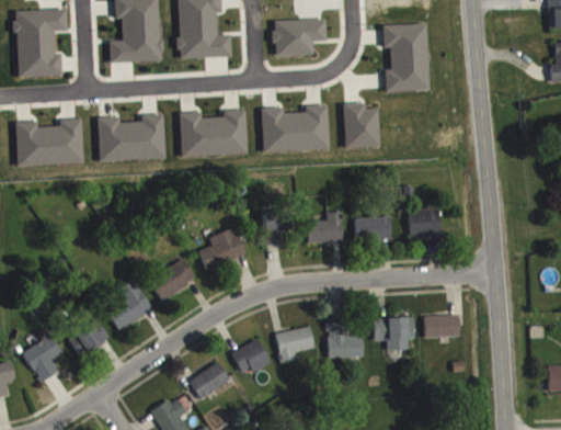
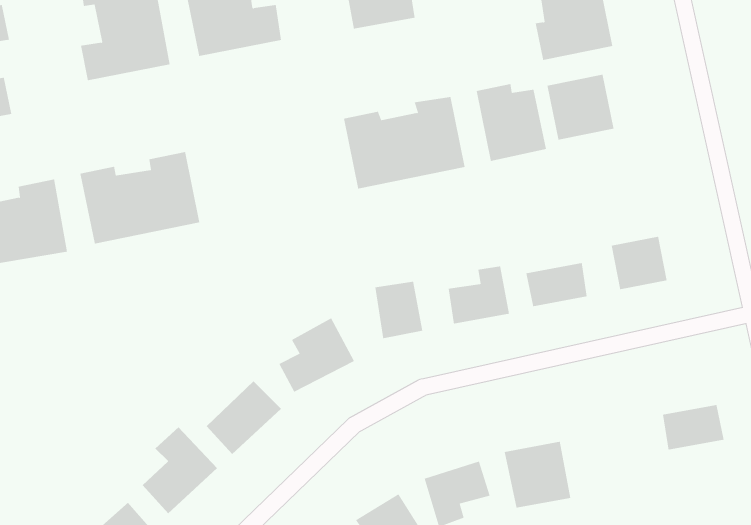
building: none -> [547,74,614,141]
building: [178,110,247,157] -> none
building: [373,317,414,350] -> none

